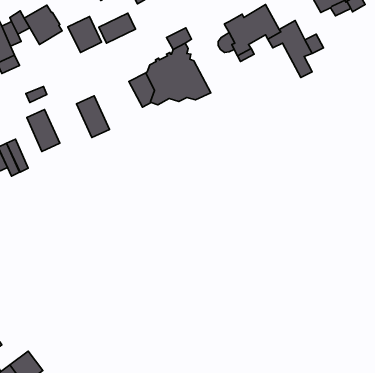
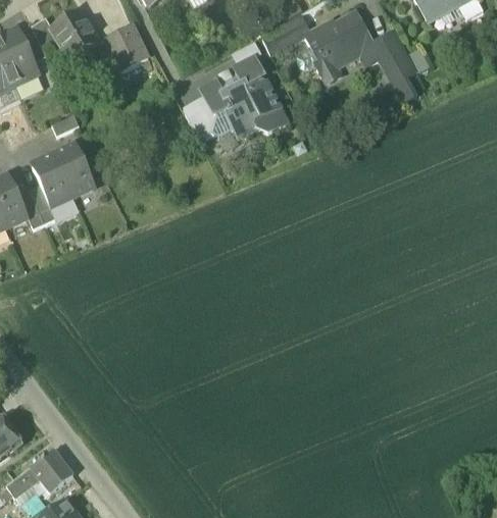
building: none -> [261,13,310,53]
building: [99,13,136,43] -> none
building: [76,96,109,137] -> [31,153,72,206]

